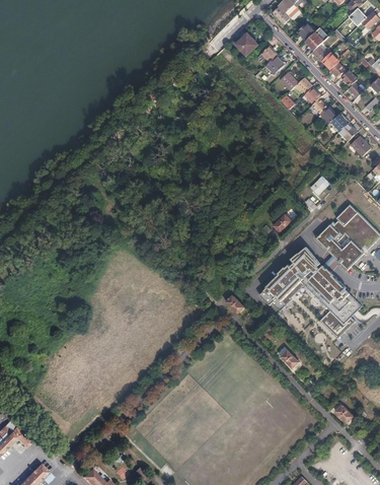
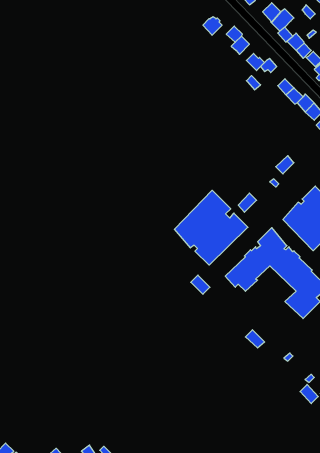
building: none -> [174,190,248,265]

